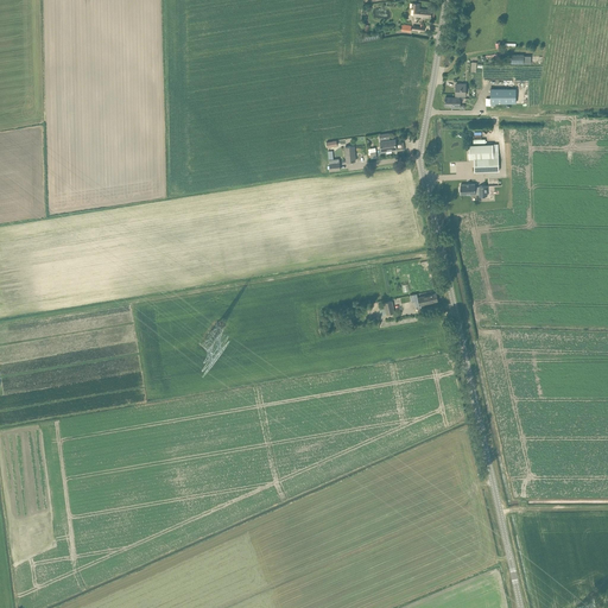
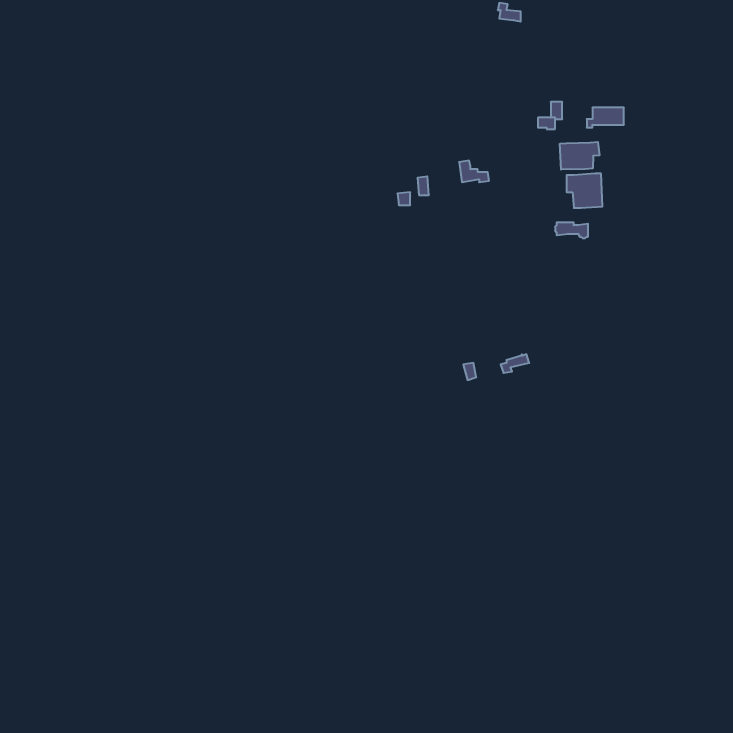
building: none -> [560,142,599,170]

